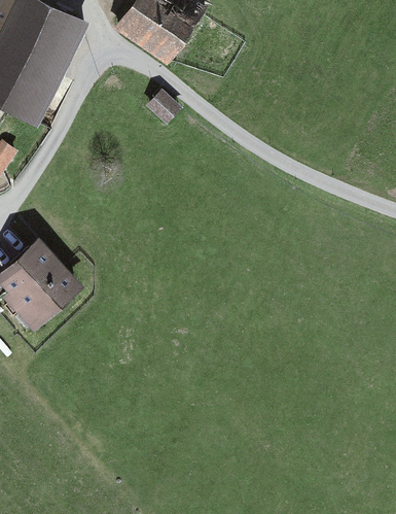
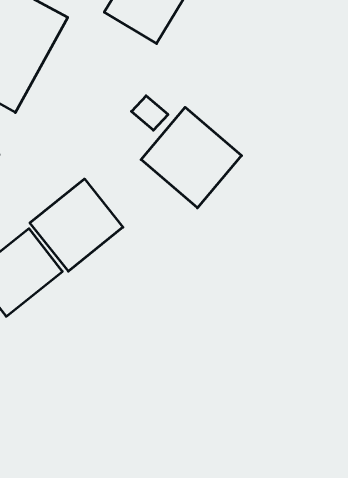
building: none -> [141,107,242,208]
building: none -> [30,179,123,271]

